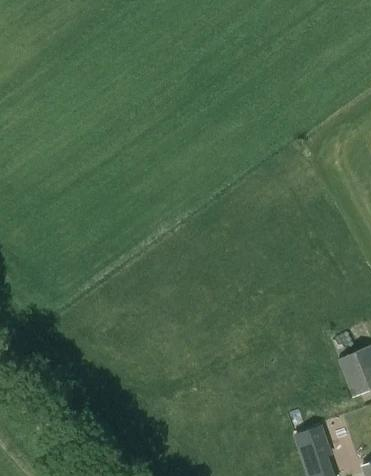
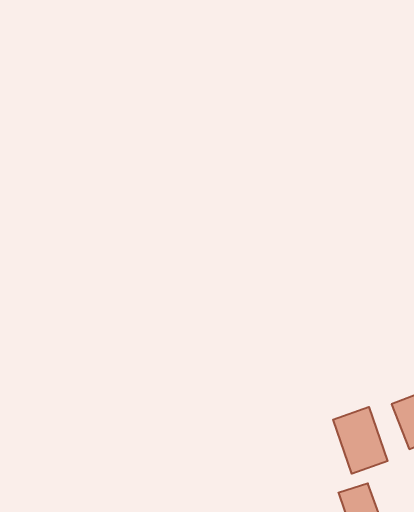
building: none -> [333,407,388,474]

